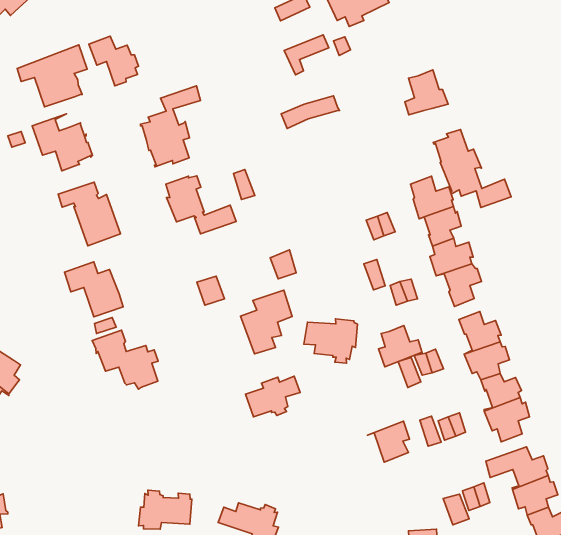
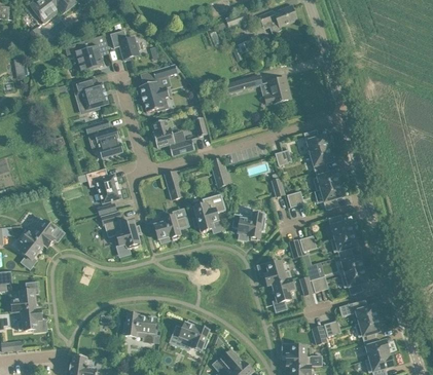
building: [405,70,448,115] -> [263,77,290,104]
building: [433,129,511,207] -> none
building: [379,326,422,367] -> [263,261,290,286]
building: [245,376,300,417] -> [153,216,187,239]

